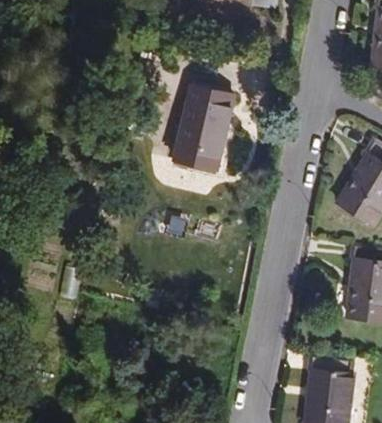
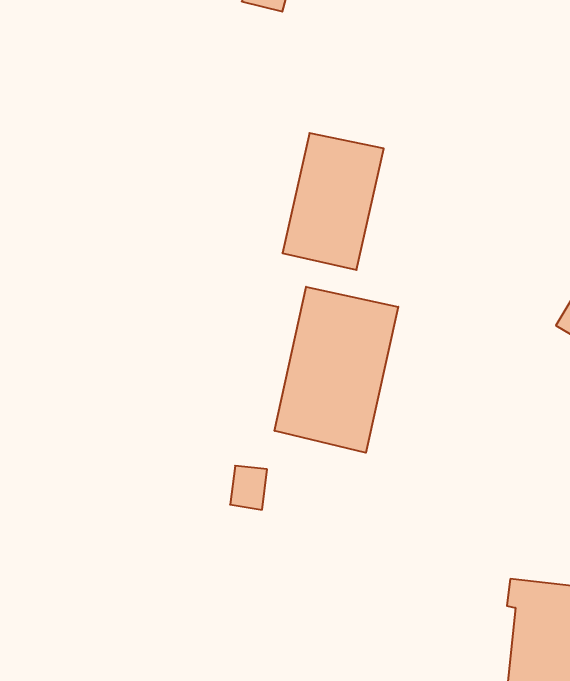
building: none -> [275,287,398,453]

